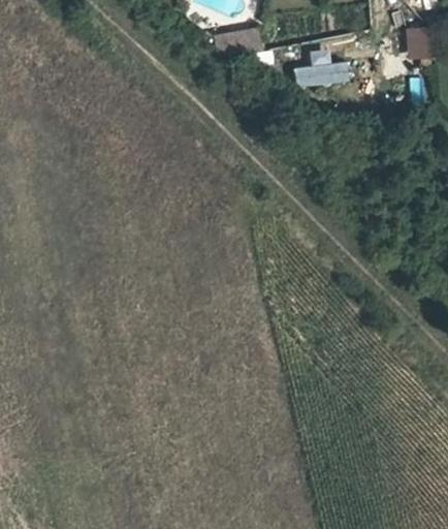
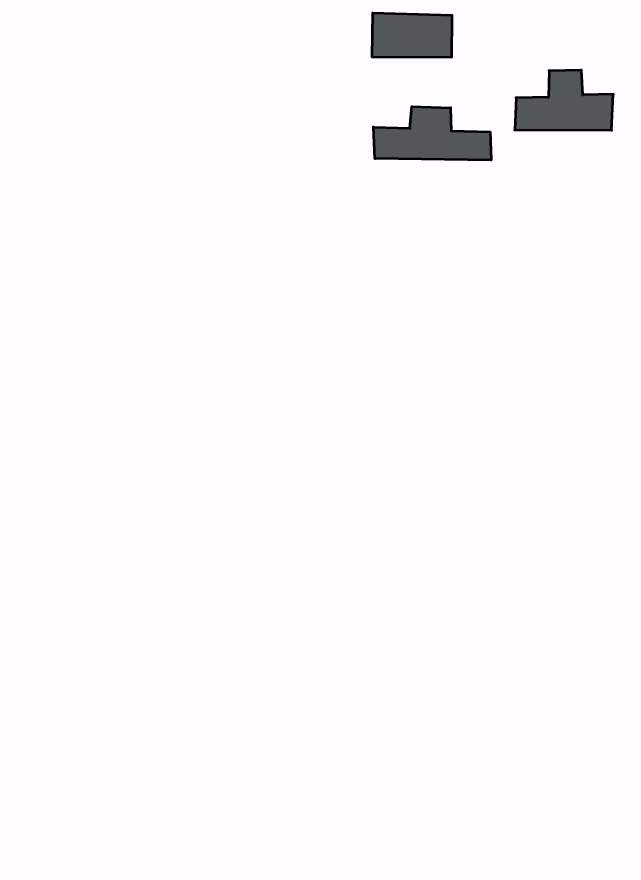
building: none -> [373,107,491,160]

